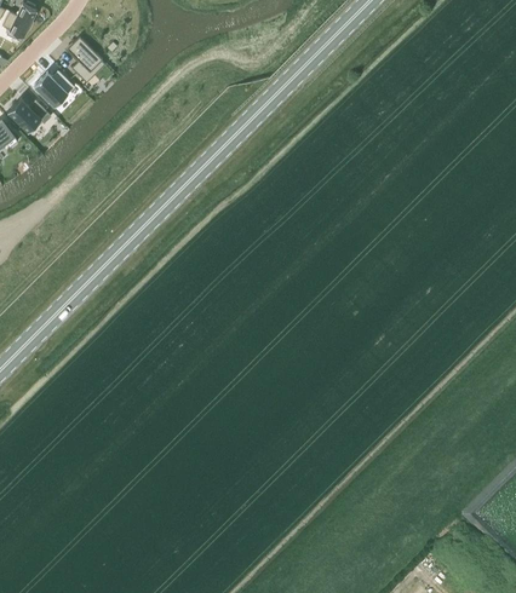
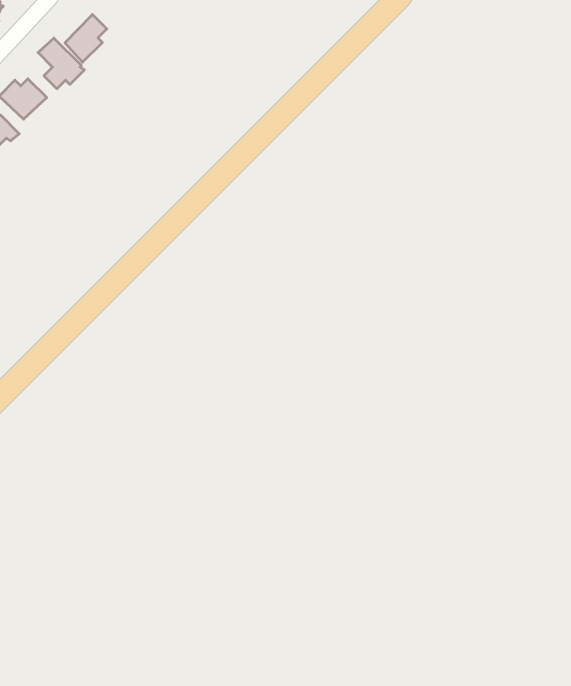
building: none -> [65,14,107,62]

